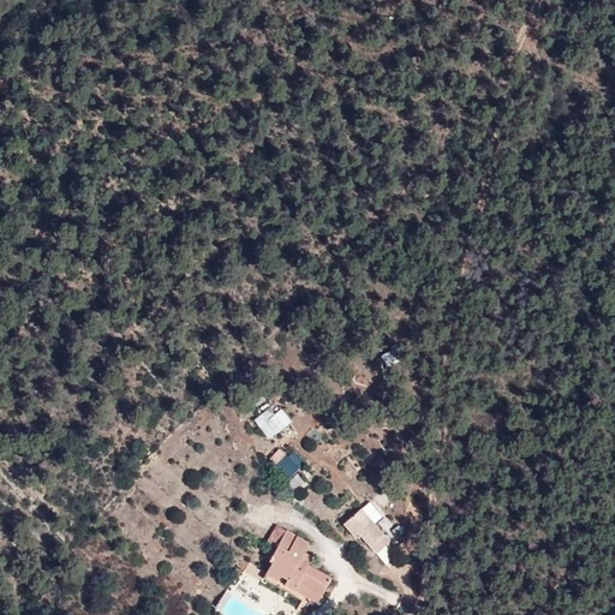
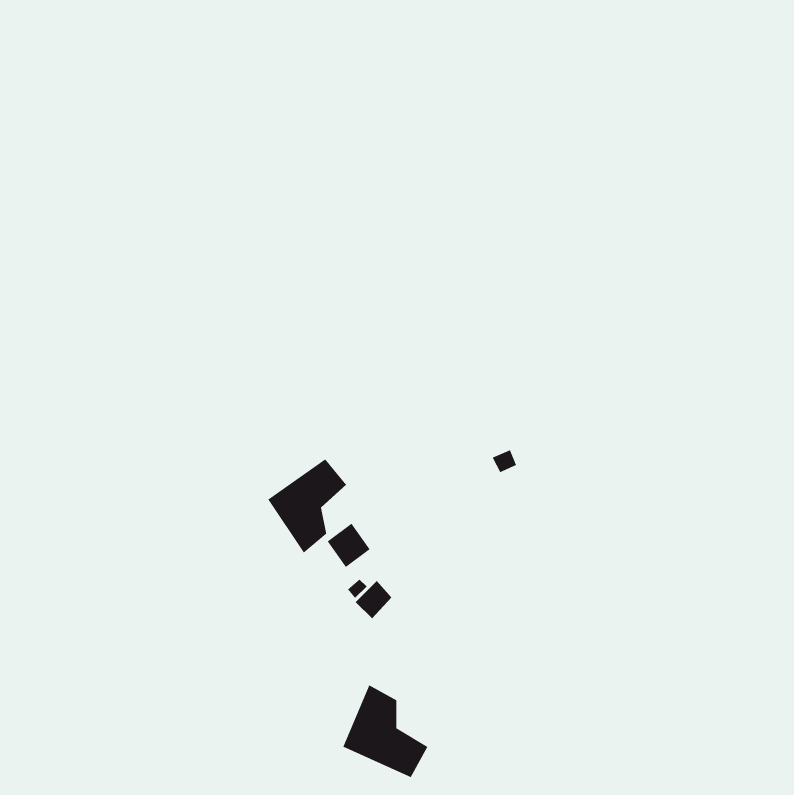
building: none -> [267,458,347,553]
building: [342,500,401,563] -> none

